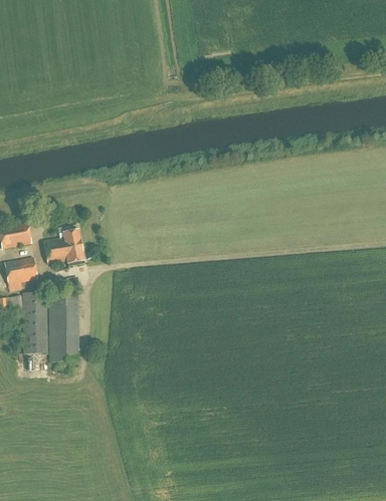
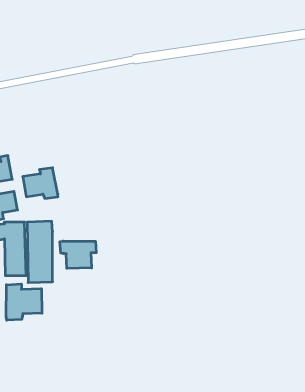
building: none -> [60,241,96,268]
building: none -> [6,284,42,320]

